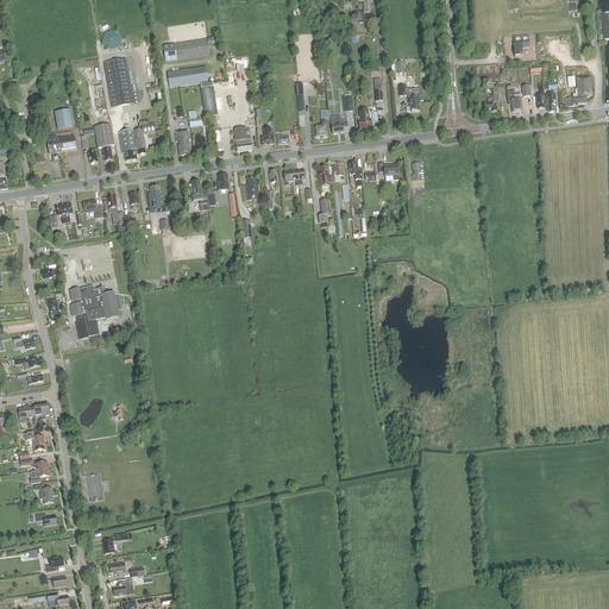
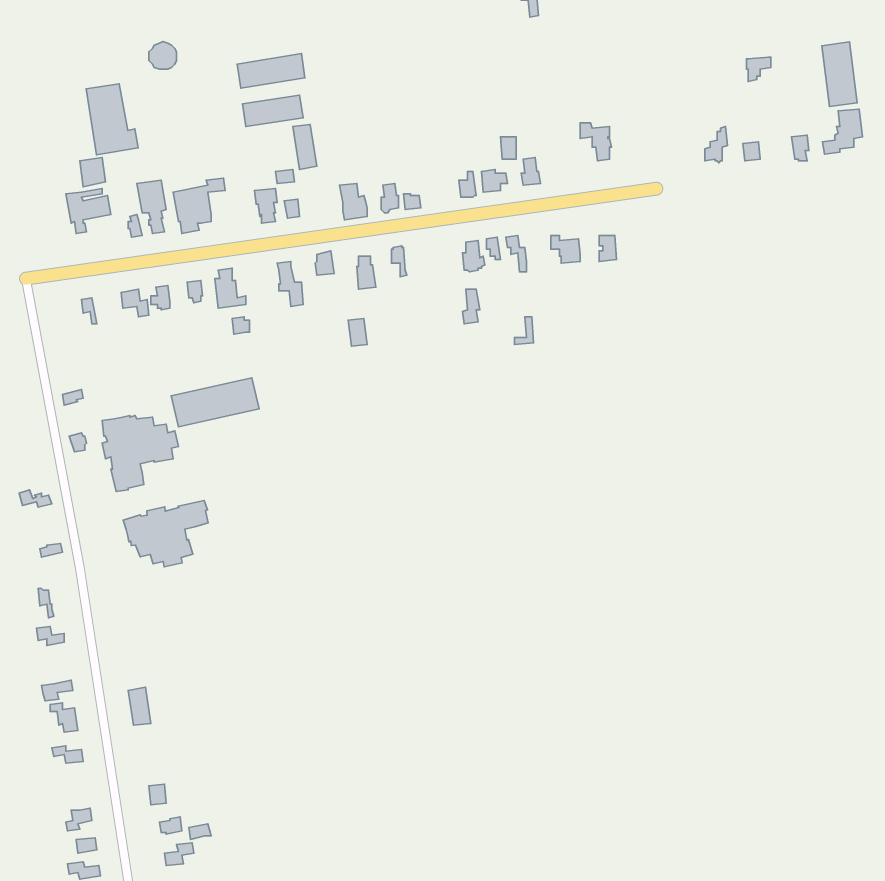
building: none -> [822,42,857,107]
building: [103,57,139,106] -> [86,84,138,155]
building: none -> [171,378,259,427]
building: none -> [123,501,208,567]

